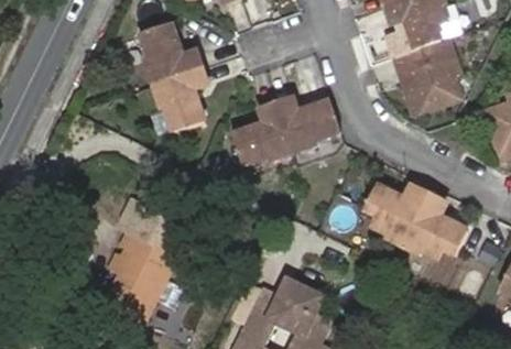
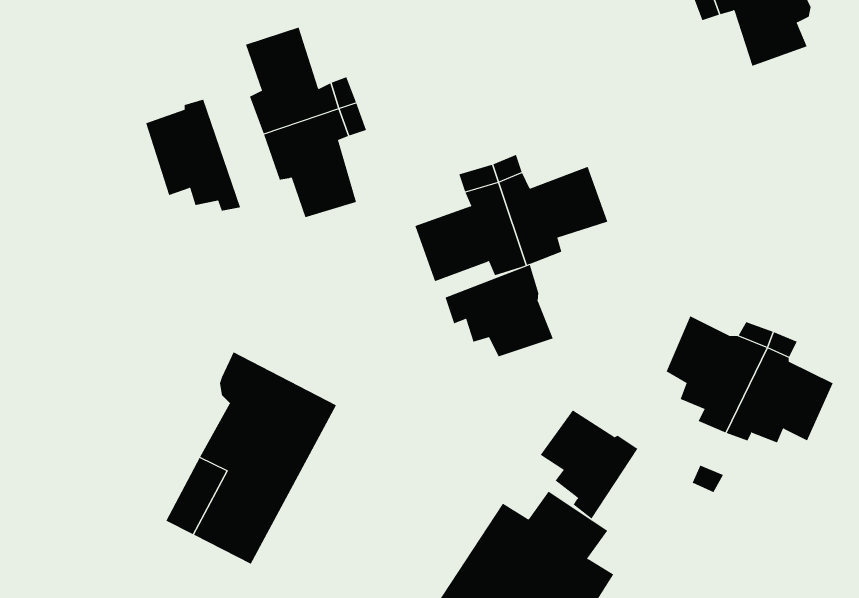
building: [395,34,463,108] -> none
building: none -> [146,99,241,211]
building: none -> [445,264,554,357]
building: none -> [540,409,638,520]

